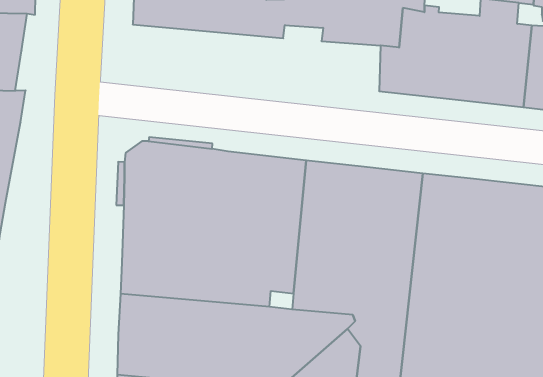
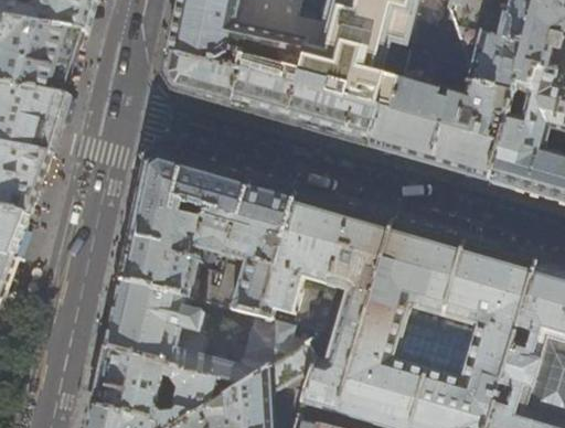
building: none -> [167,56,379,148]

